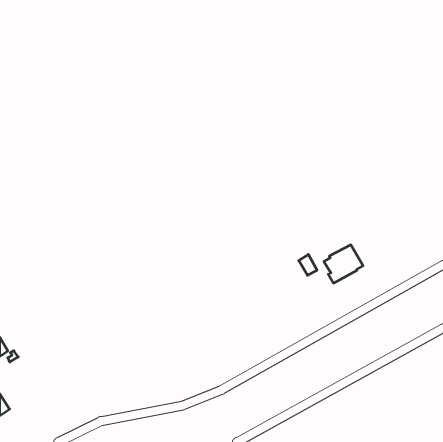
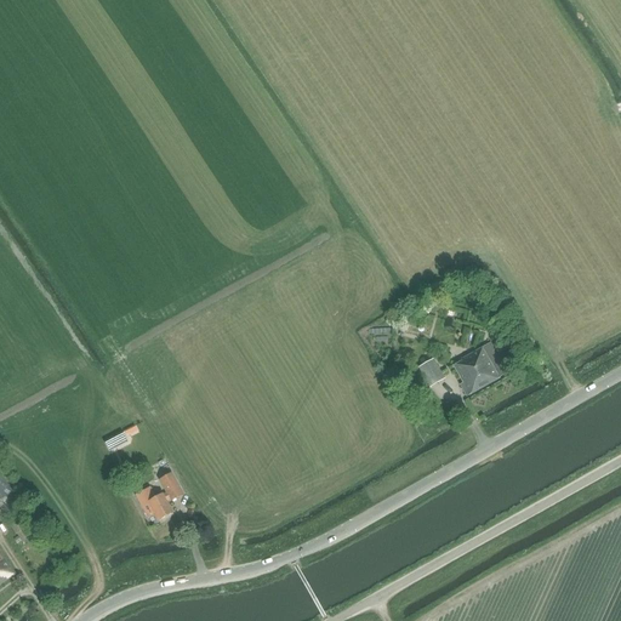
building: none -> [135,471,181,518]

